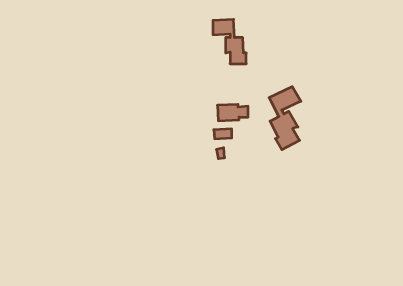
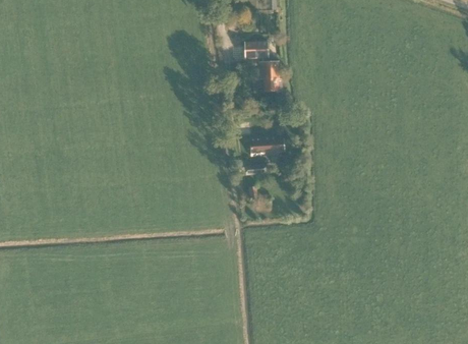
building: [269,87,301,150] -> none

